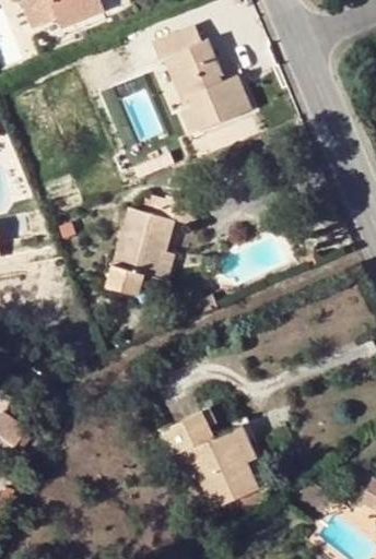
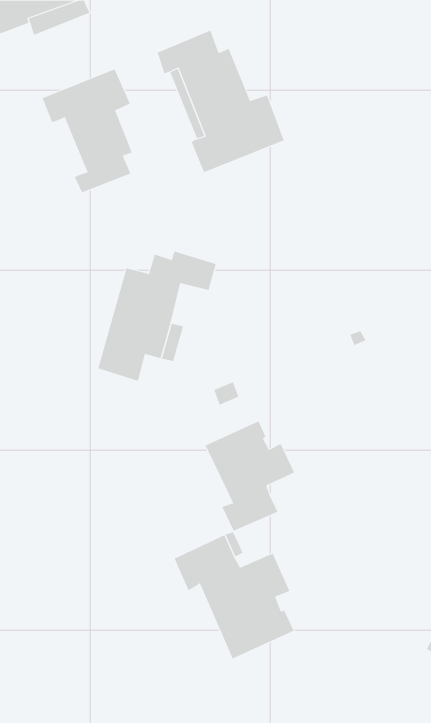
building: none -> [42,68,133,193]
building: none -> [205,420,295,532]

